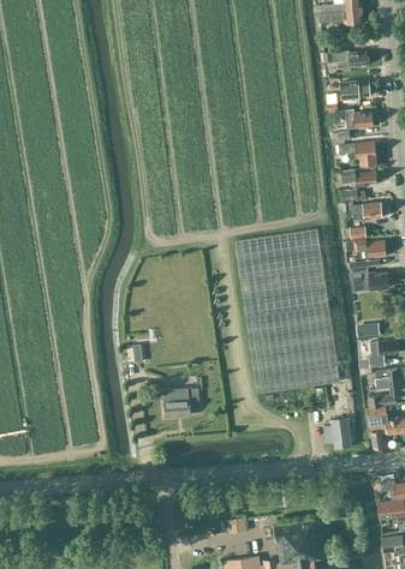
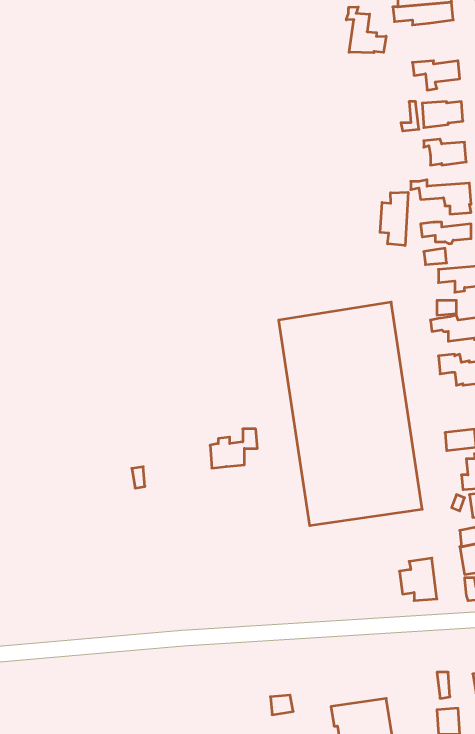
building: none -> [346,7,386,53]
building: none -> [380,192,408,246]
building: [165,389,199,418] -> [210,429,257,468]

